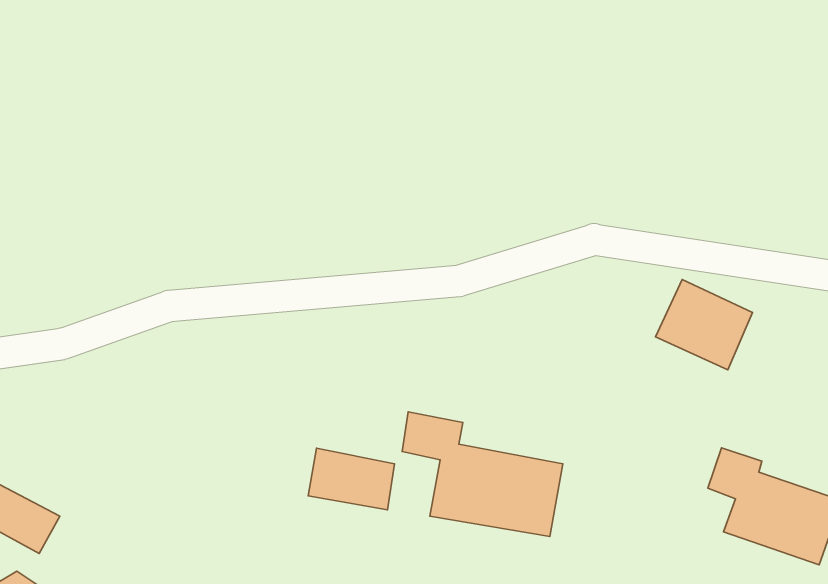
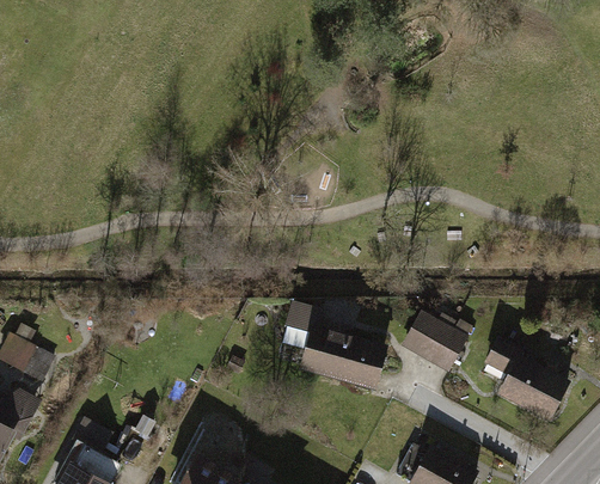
building: [655,280,753,370] -> [399,311,465,373]
building: [308,448,395,510] -> none

